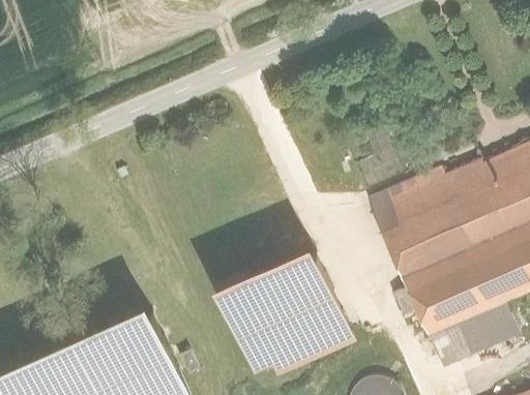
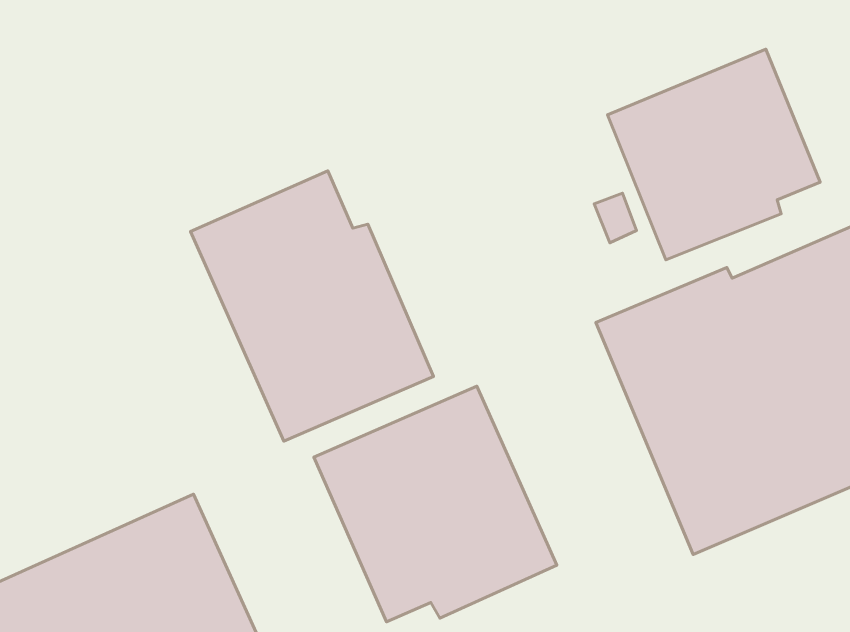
building: none -> [607,49,820,260]
building: none -> [190,171,434,441]

